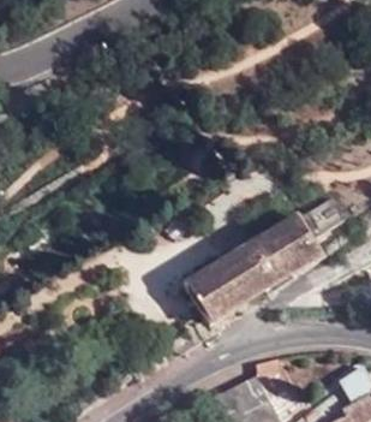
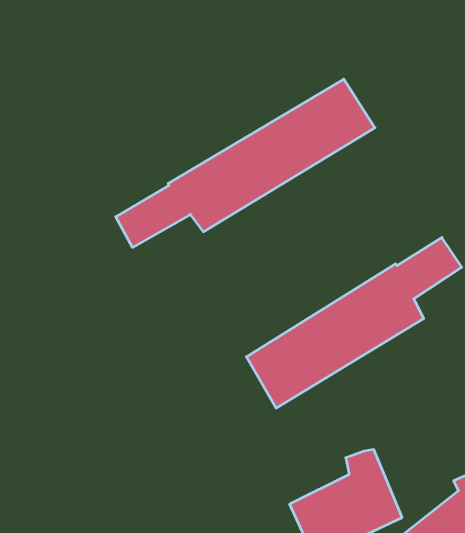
building: none -> [116,79,375,247]

